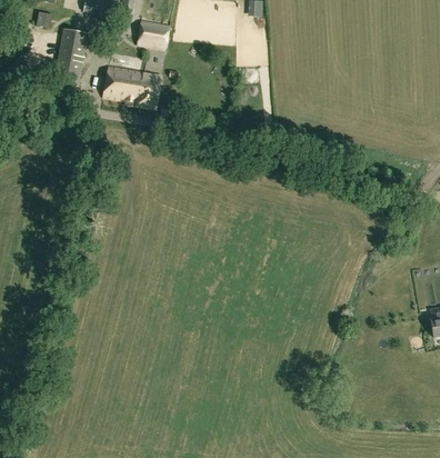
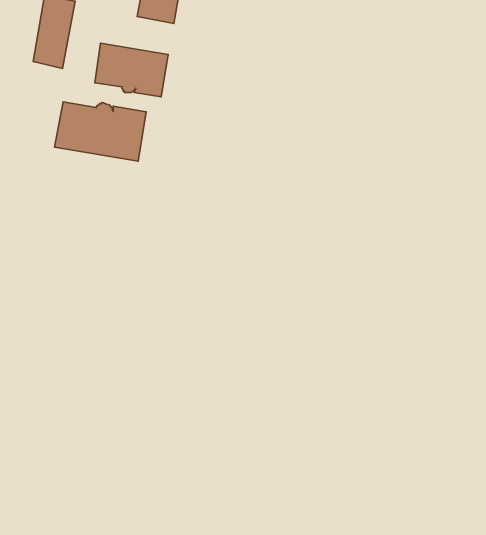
building: none -> [54,102,146,161]

